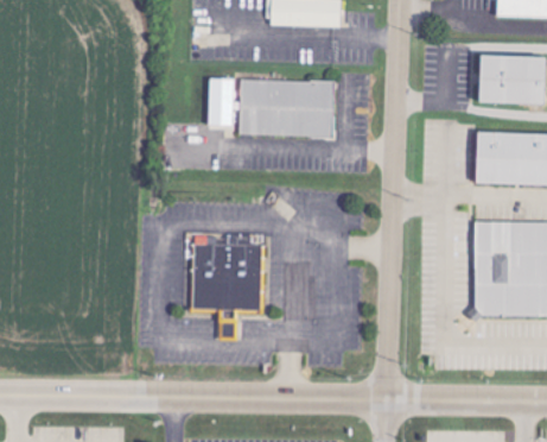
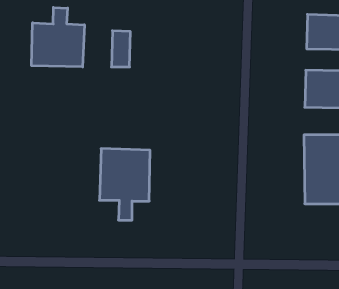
building: none -> [32,7,84,67]
building: [241,78,336,137] -> none

